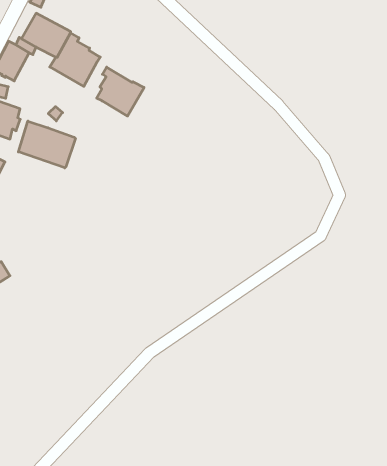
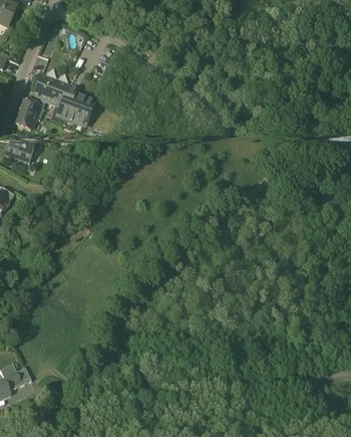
building: [97,67,144,116] -> none
building: [18,121,75,168] -> none

